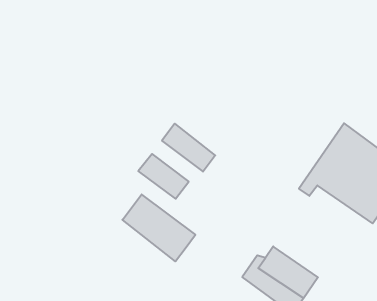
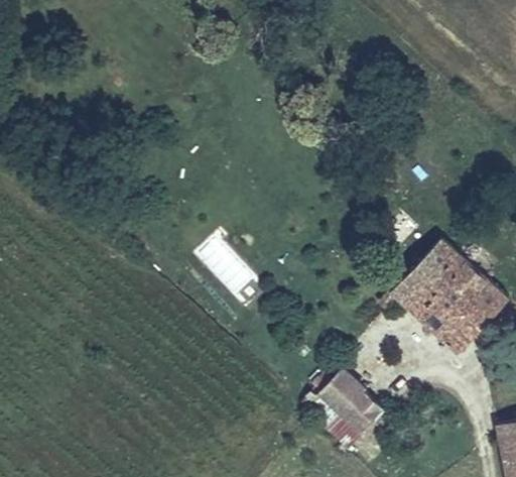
building: [162,124,215,172] -> none
building: [122,194,195,261] -> none

